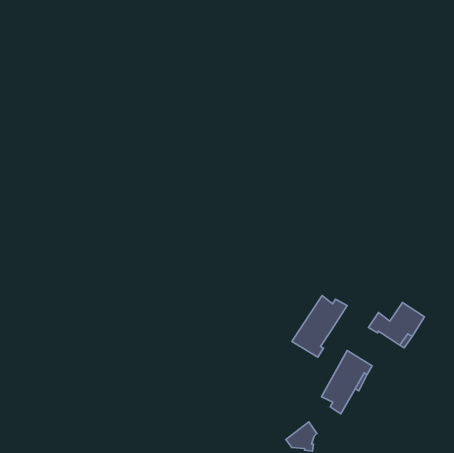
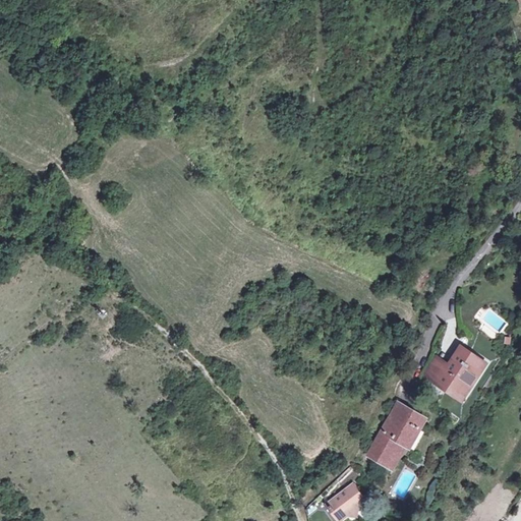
building: [292,296,347,357] -> none

